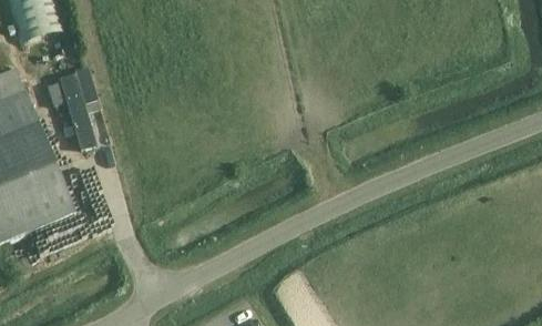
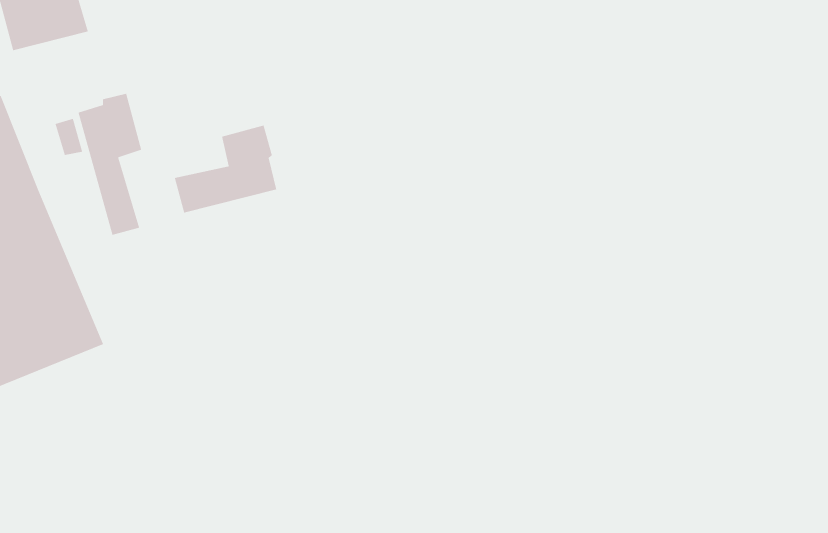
building: none -> [174,125,277,213]

